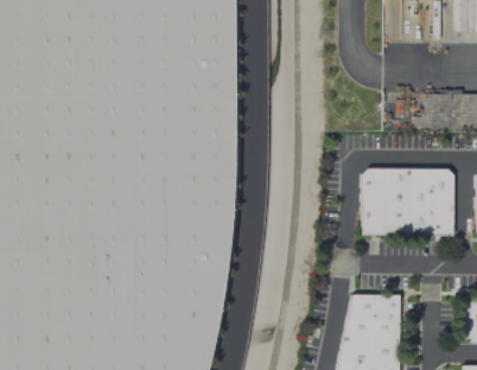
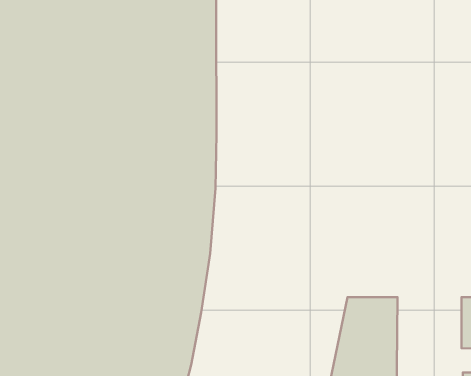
building: [363,168,454,232] -> none

